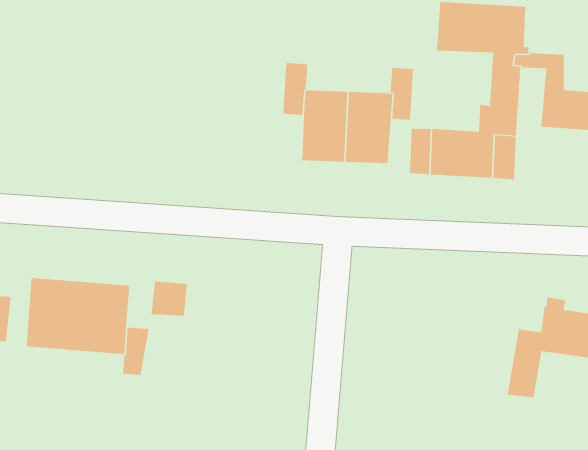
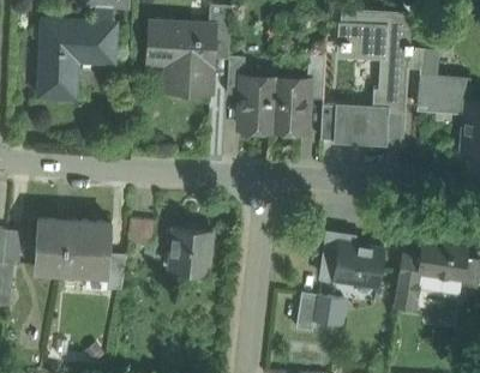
building: none -> [40,20,114,100]
building: none -> [146,24,215,94]
building: none -> [169,228,211,275]
building: none -> [334,242,382,287]
building: none -> [313,291,344,326]

